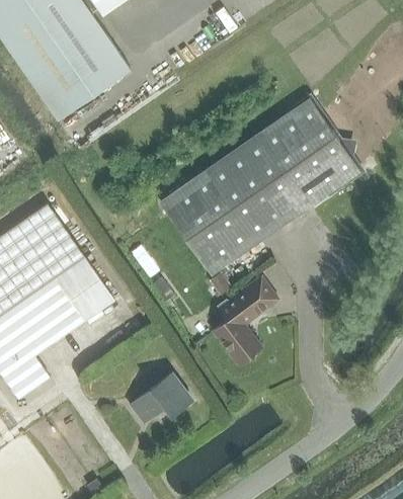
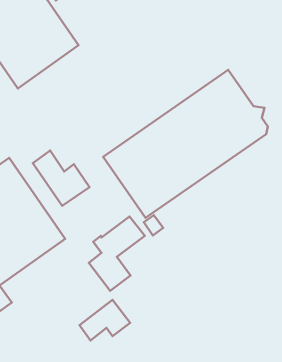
building: none -> [33,150,90,206]
building: [213,276,279,365] -> [89,216,145,291]

